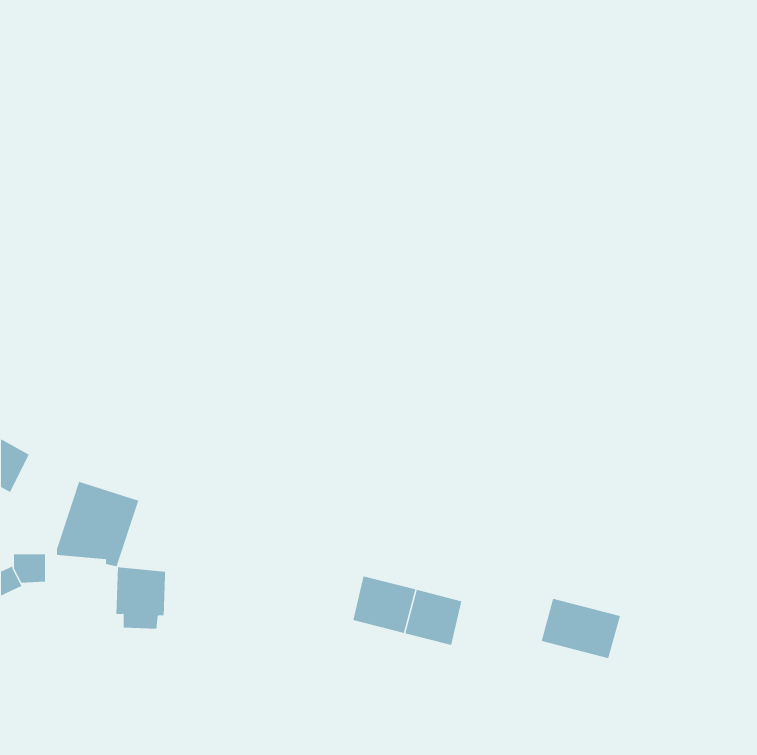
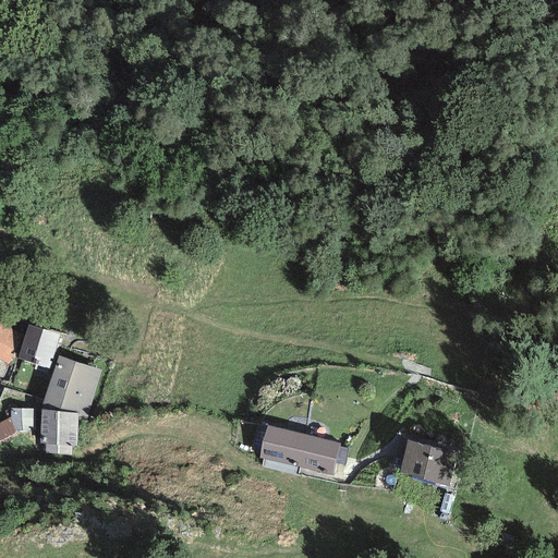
building: none -> [17,324,60,368]
building: [116,567,166,629] -> [40,409,77,454]

